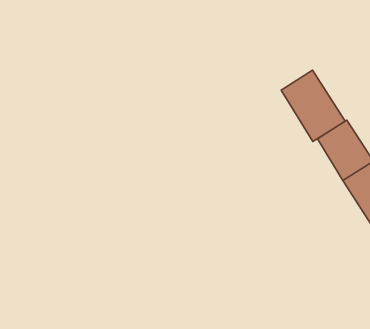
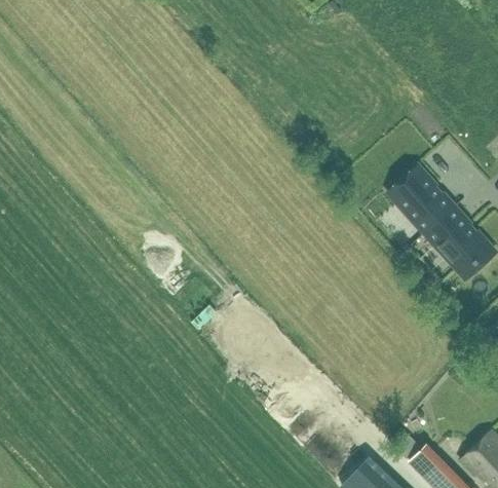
building: [281,70,345,142] -> none

